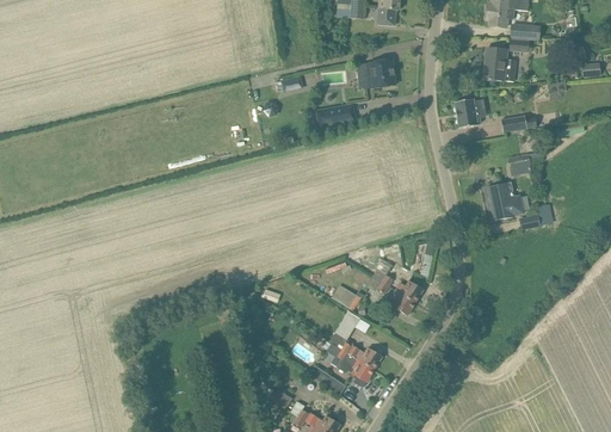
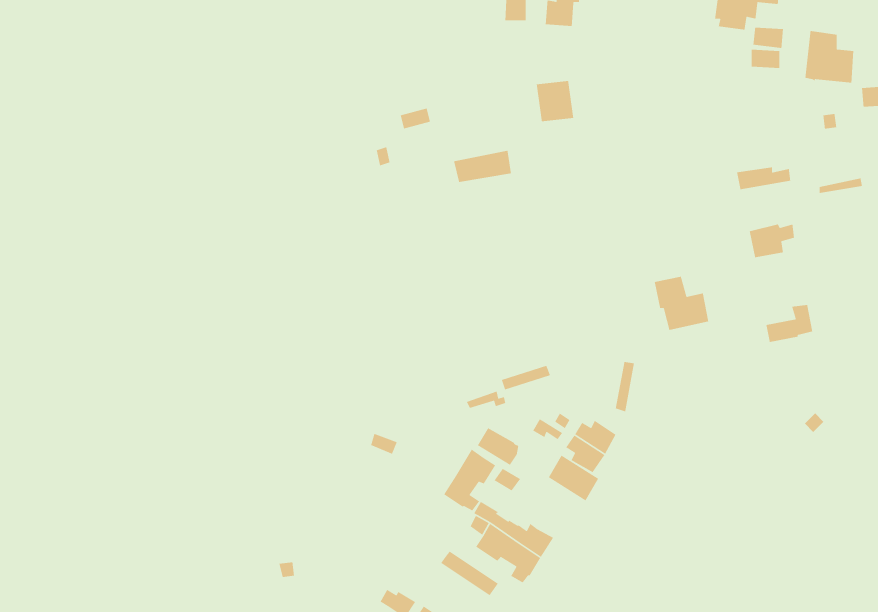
building: [483,47,516,81] -> [804,30,854,84]
building: [453,98,479,126] -> none
building: [488,183,524,218] -> [654,276,709,331]
building: none -> [443,449,496,511]
building: none -> [548,454,599,502]

